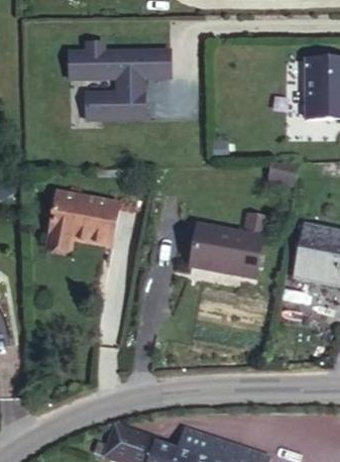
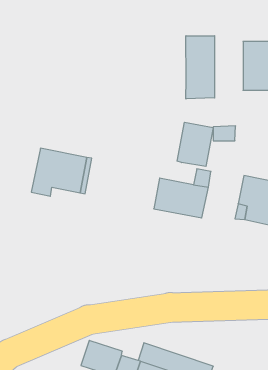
building: [70,42,169,120] -> none
building: none -> [186,36,215,99]
building: none -> [177,122,213,166]

